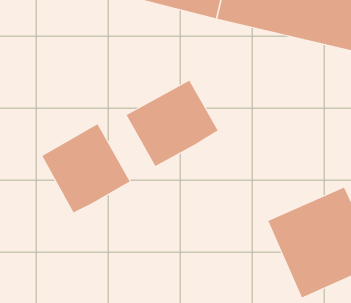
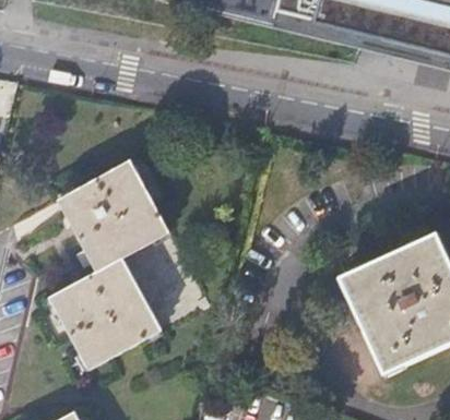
building: [126,80,218,167] -> none
building: none -> [48,255,159,368]

